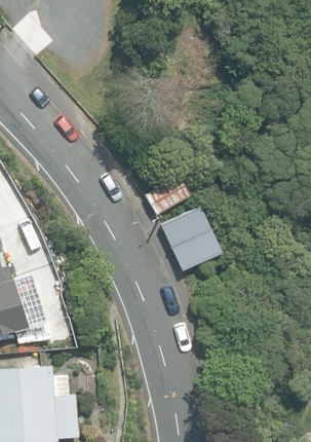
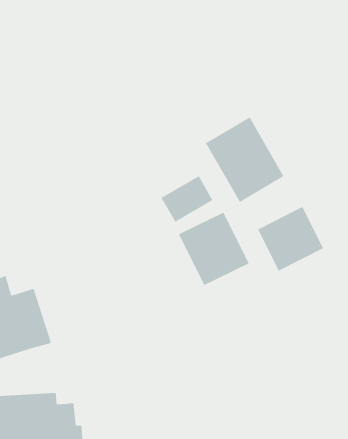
building: none -> [205,116,284,203]
building: none -> [257,206,324,272]

